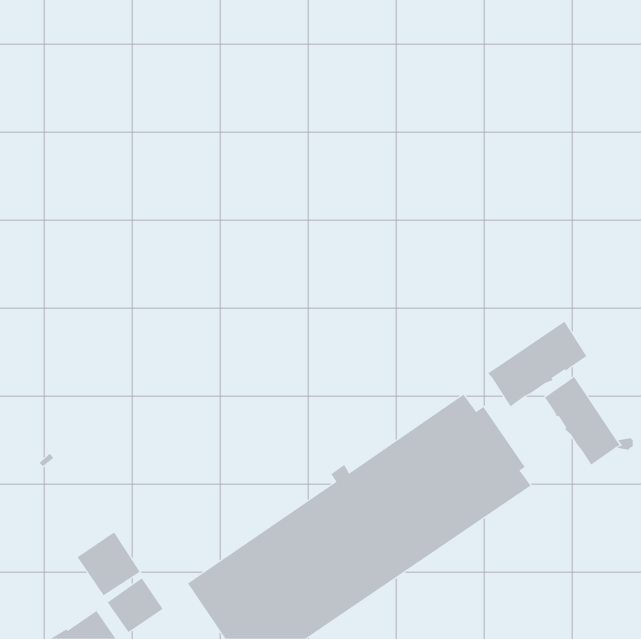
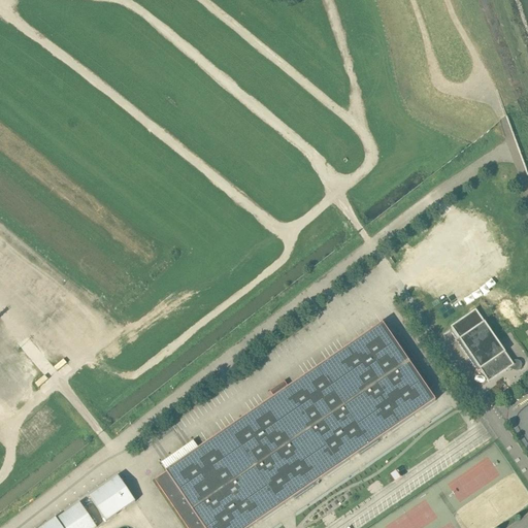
building: [487,321,587,407] -> none
building: [77,531,140,596] -> none

